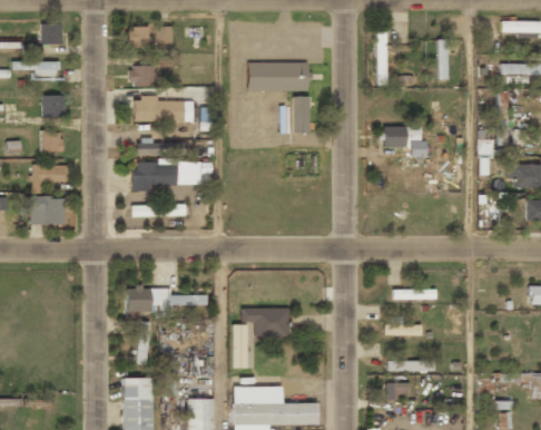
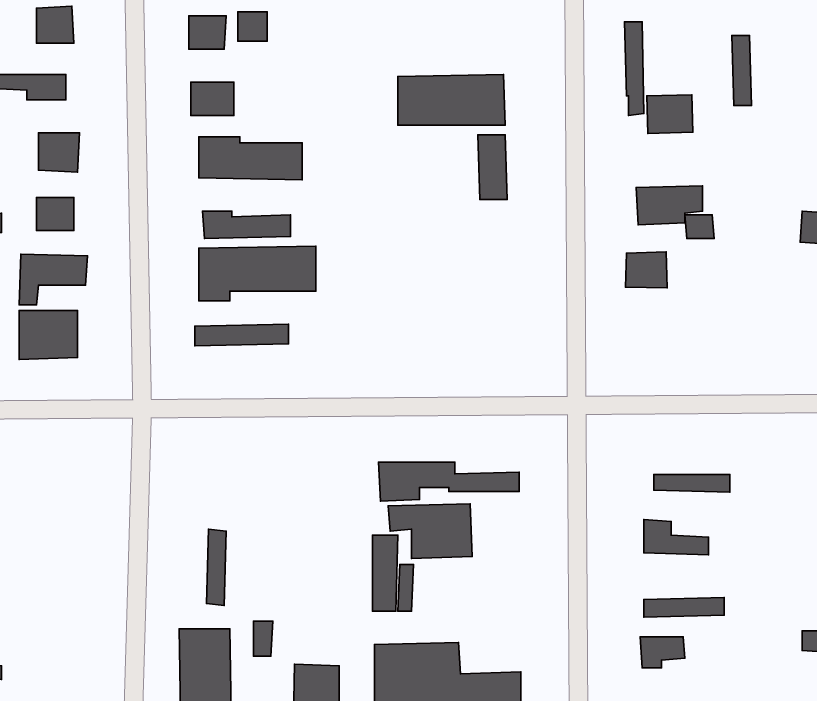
building: none -> [647,95,693,133]
building: none -> [626,252,667,288]
building: [127,289,207,311] -> [379,462,519,501]

